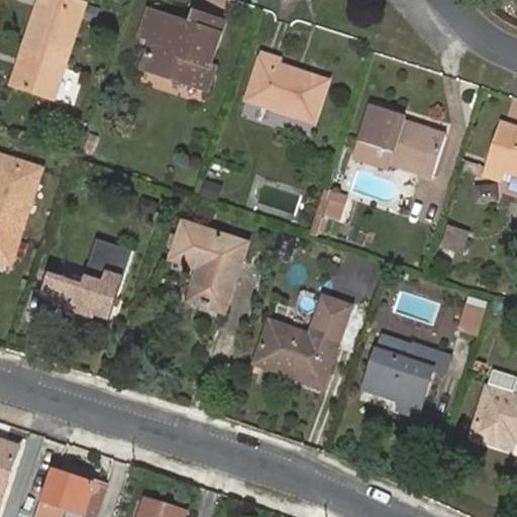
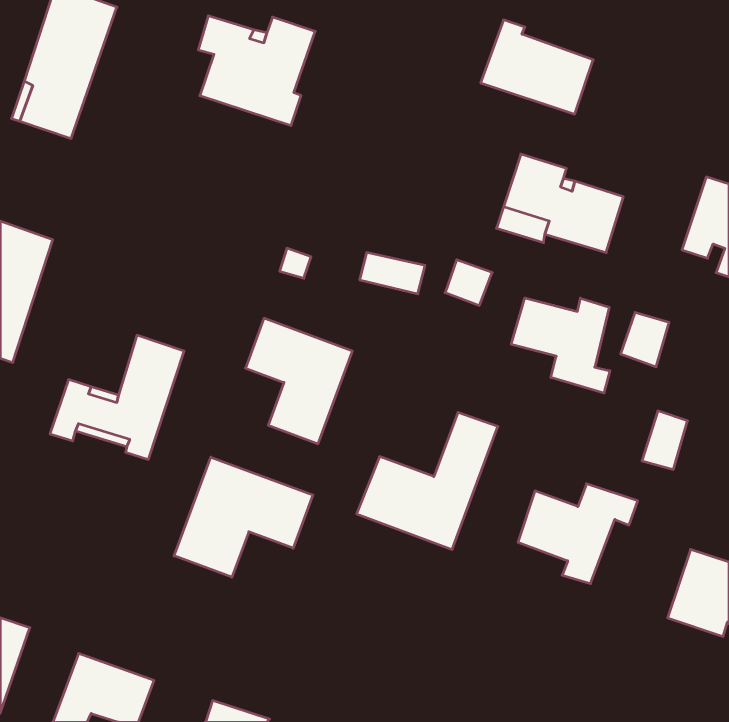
building: [246,54,326,120] -> [481,20,593,114]
building: none -> [511,298,610,393]
building: none -> [174,457,313,577]

